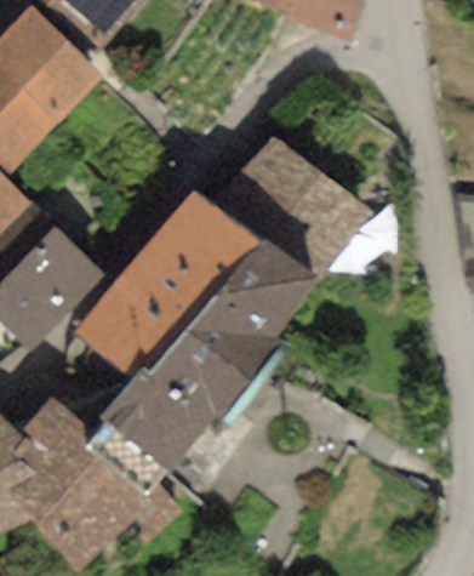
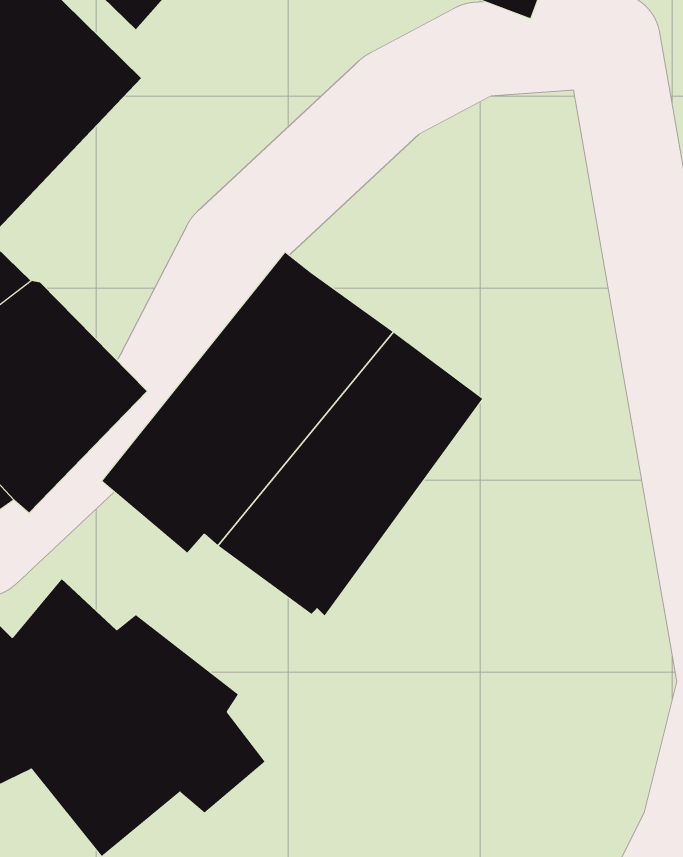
building: [209,136,370,280] -> none
building: [97,366,209,471] -> none

